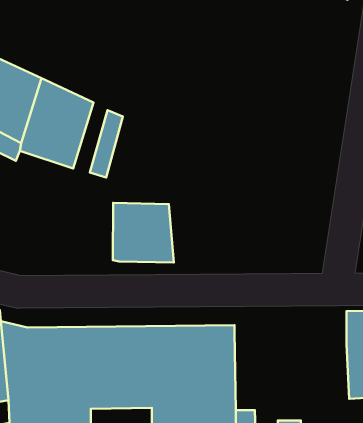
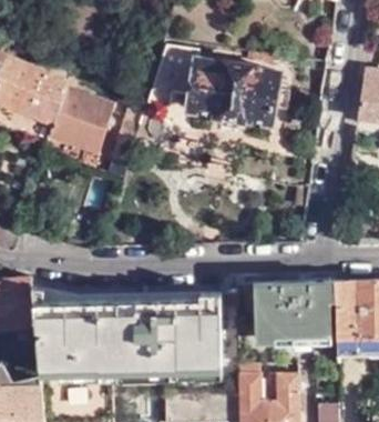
building: none -> [144,47,281,133]
building: [113,203,174,262] -> none
building: none -> [237,280,335,341]

